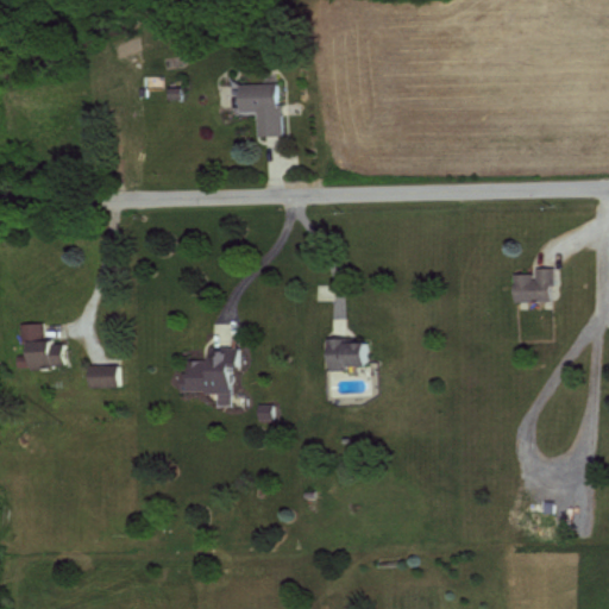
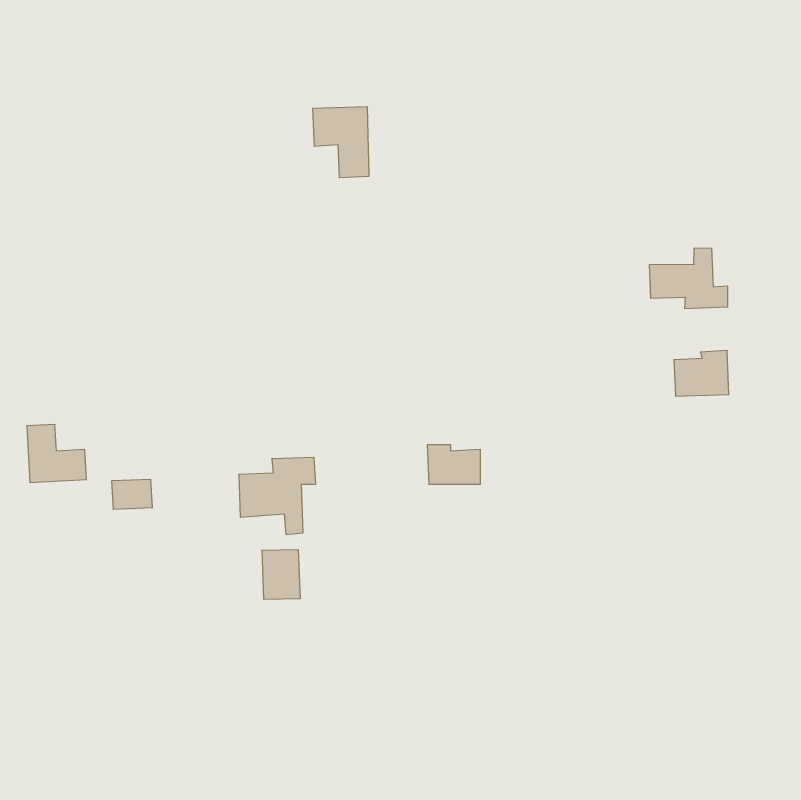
building: none -> [650,248,728,309]
building: none -> [262,550,300,599]

